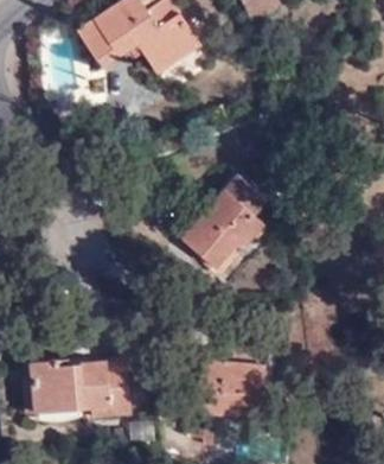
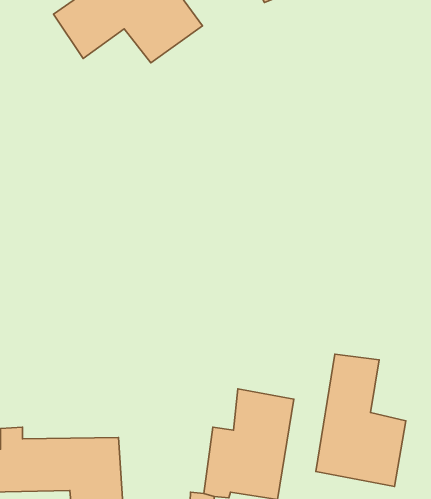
building: [185,177,268,274] -> none
building: none -> [316,354,406,486]

